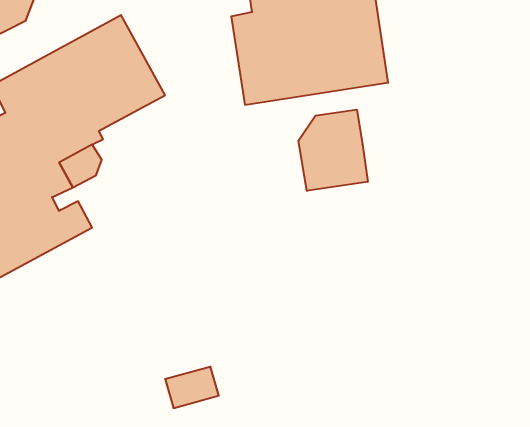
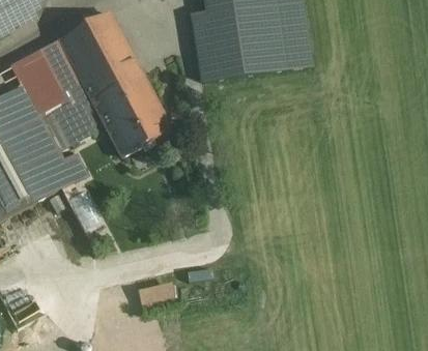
building: none -> [92,74,183,156]
building: [299,110,368,191] -> none

